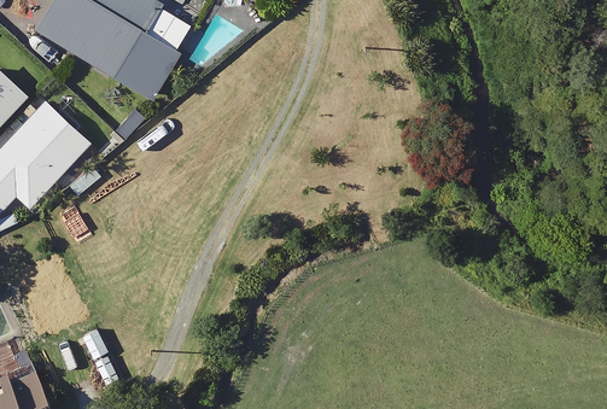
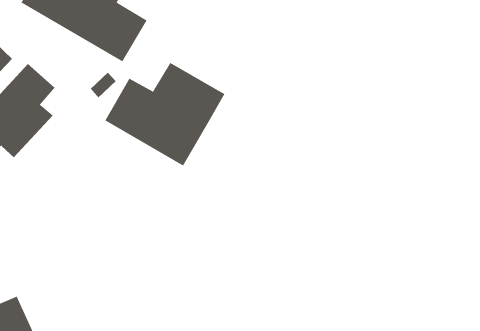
building: none -> [105,62,225,167]

